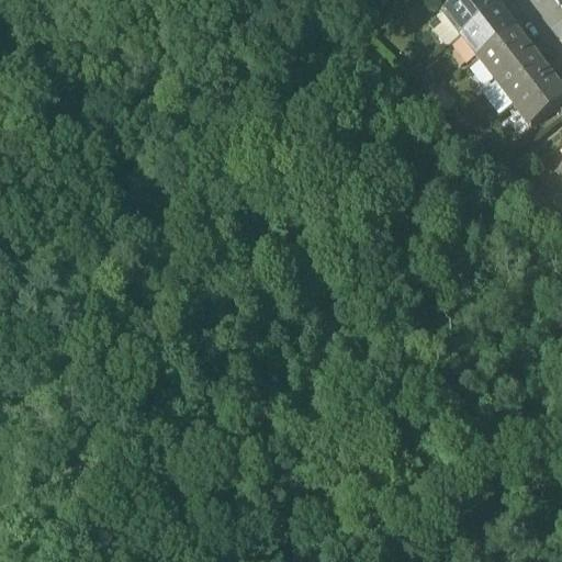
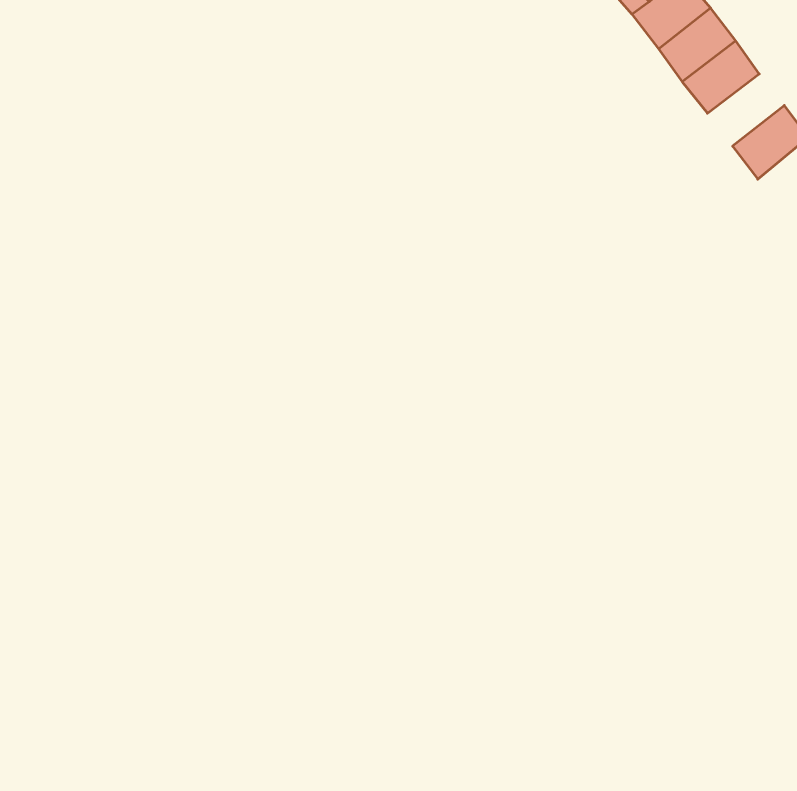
building: [498,52,552,102] -> none

